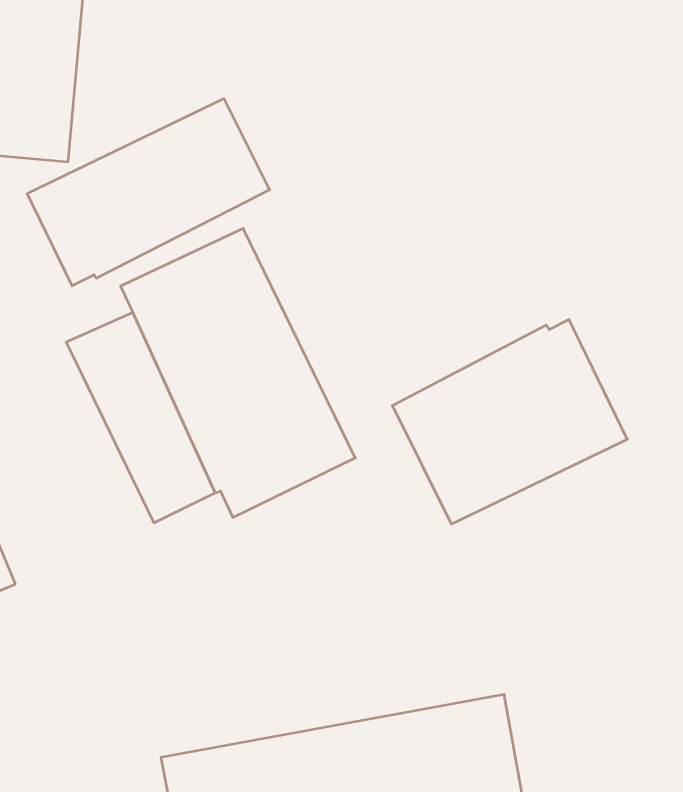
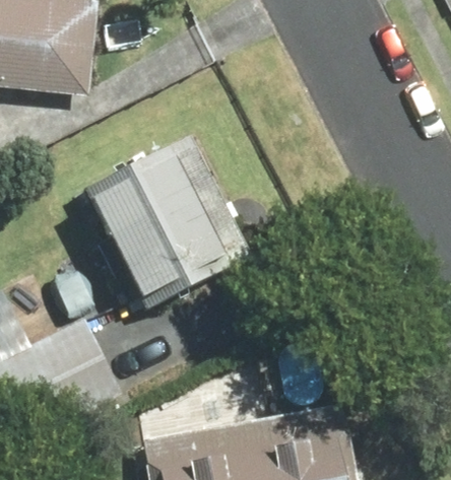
building: [27,99,270,286] -> none
building: [392,319,627,524] -> none

